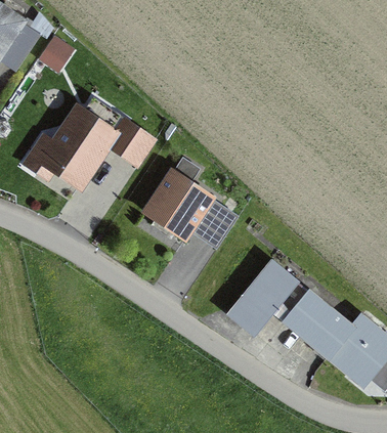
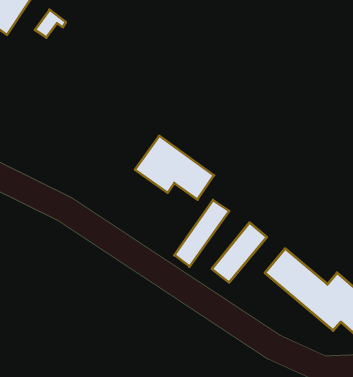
building: [24,105,149,178] -> none
building: none -> [174,200,229,267]

